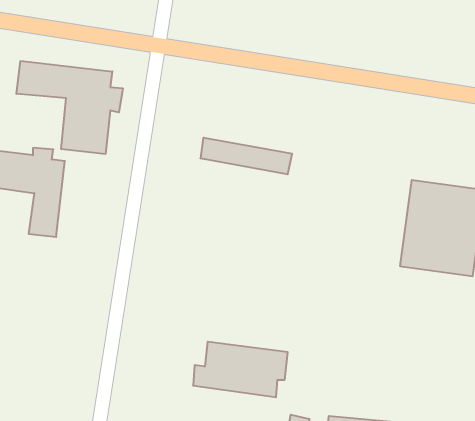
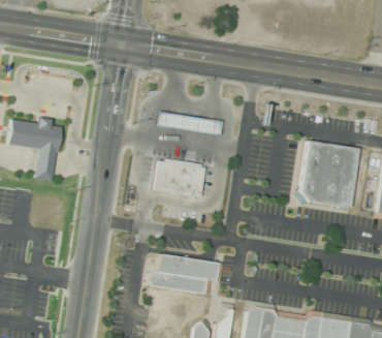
building: [16,61,123,154] -> none
building: none -> [154,157,206,196]

